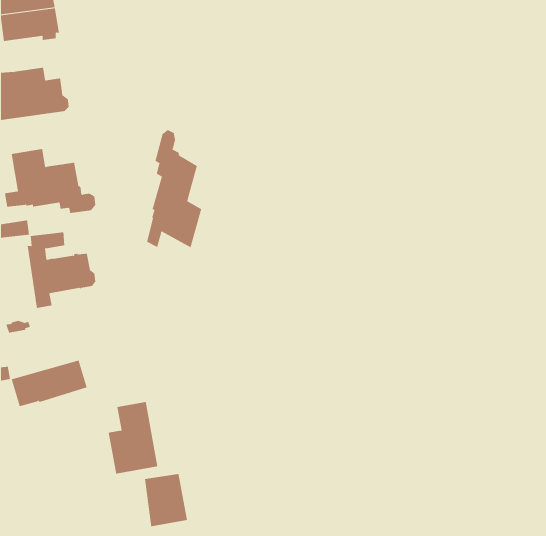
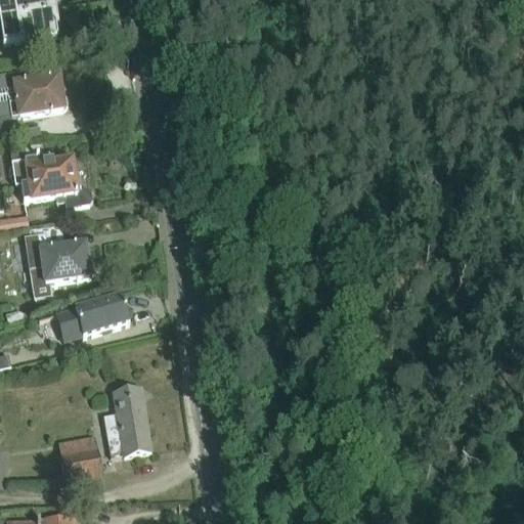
building: [147,129,202,248] -> none
building: [11,360,88,407] -> [55,293,129,338]
building: [144,473,188,527] -> [60,433,102,484]

